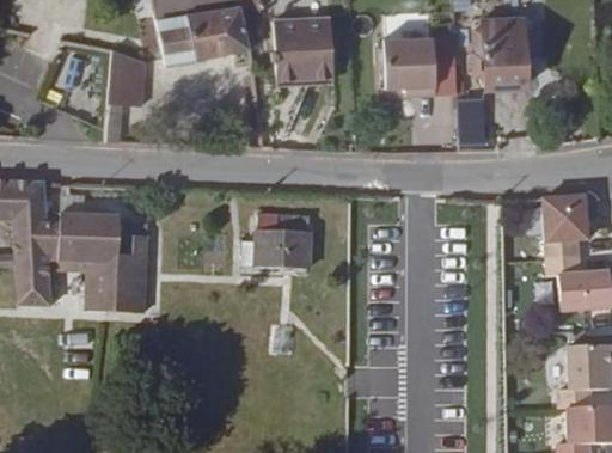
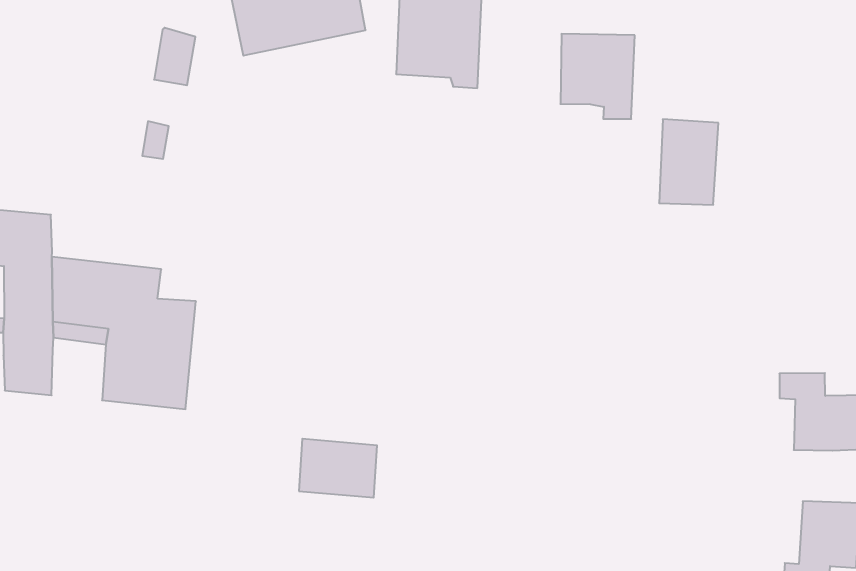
building: [471,22,533,88] -> none
building: [545,195,589,261] -> none
building: [259,228,311,265] -> [299,439,377,498]

